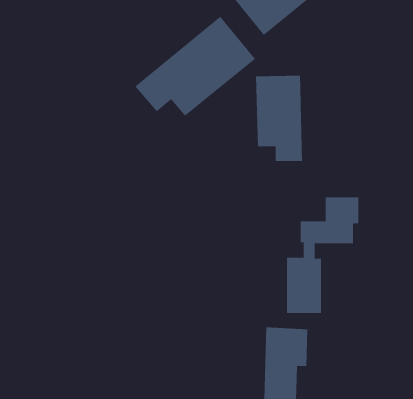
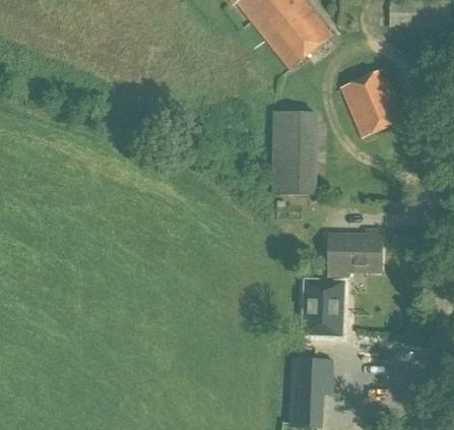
building: [134,16,256,117] -> none
building: none -> [337,68,404,139]

